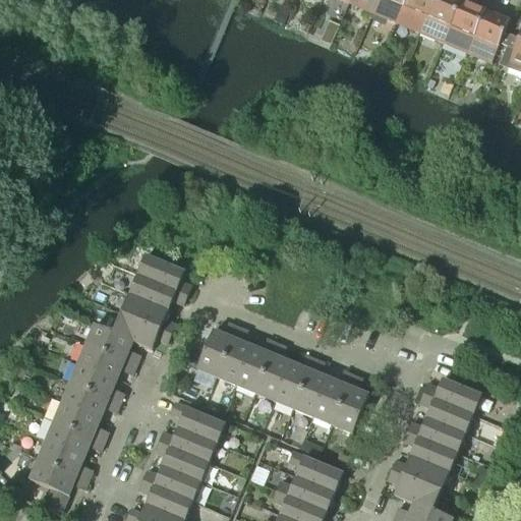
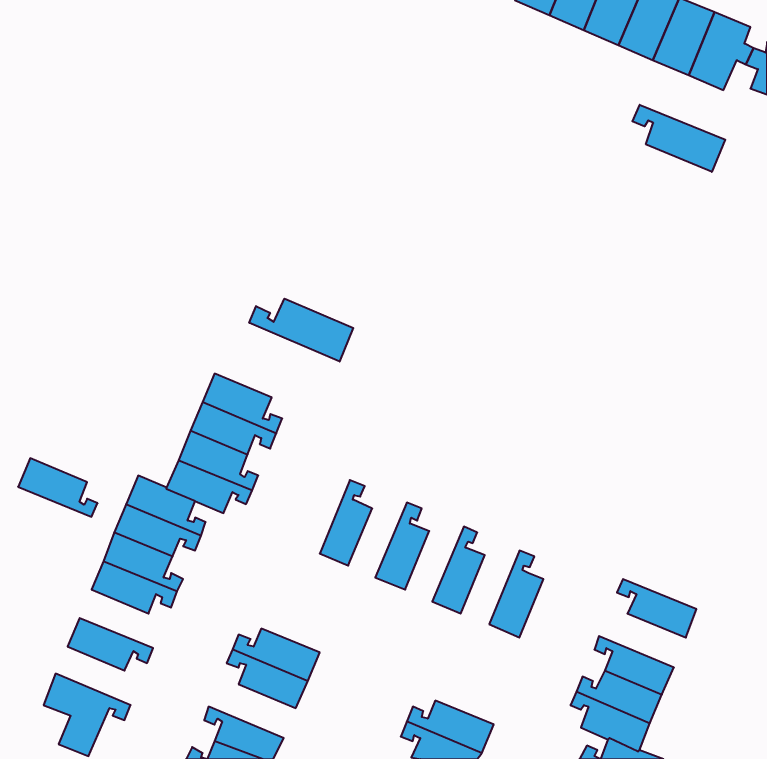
building: none -> [632,105,725,172]
building: none -> [249,299,353,362]
building: [196,322,237,375] -> none
building: [236,337,276,392] -> none
building: [275,353,314,408] -> none
building: [312,369,352,423] -> none
building: [422,377,481,413] -> none
building: [54,400,108,440] -> [18,458,98,517]
building: [170,401,225,443] -> none
building: [406,416,465,453] -> none
building: [38,439,93,478] -> none
building: [288,450,343,491] -> none
building: [141,464,200,501] -> none

